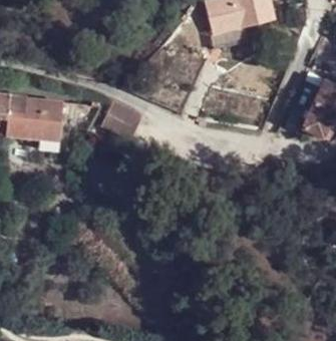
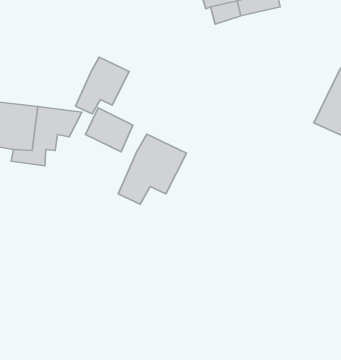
building: none -> [76,57,129,114]
building: none -> [118,134,186,204]

